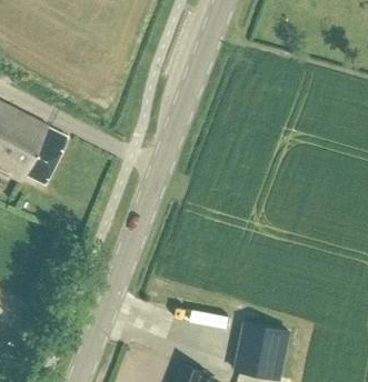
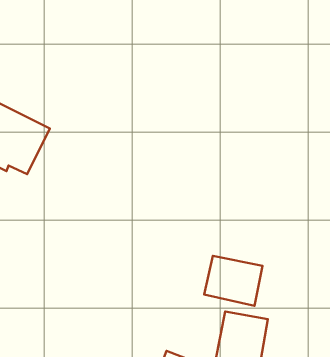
building: none -> [204,256,262,306]

